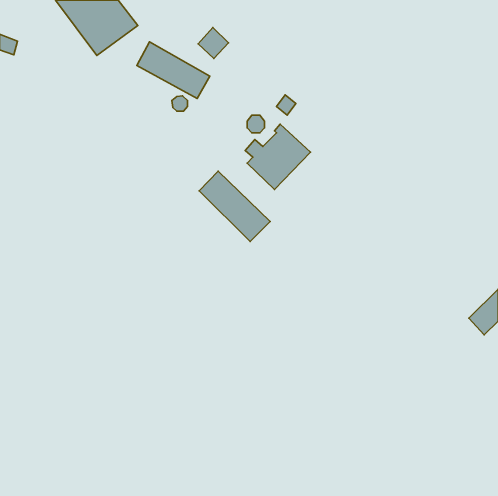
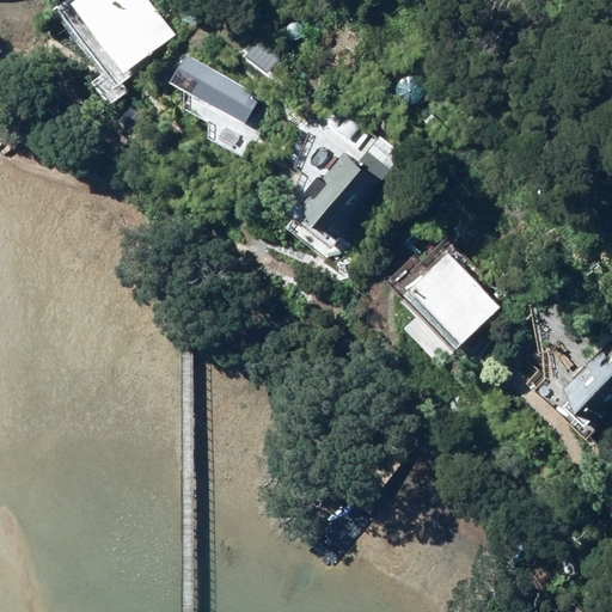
building: [199,171,270,241] -> none
building: none -> [403,249,494,344]

